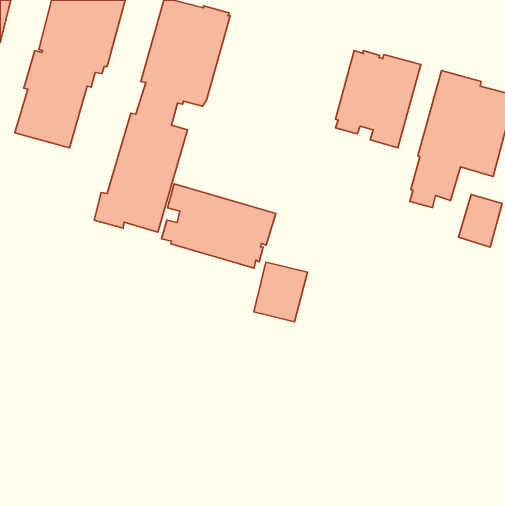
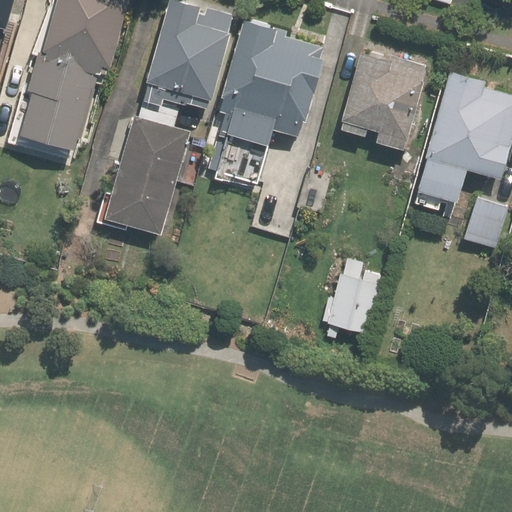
building: none -> [209,20,324,184]
building: [161,184,276,268] -> none
building: [254,262,307,322] -> [327,273,381,333]

